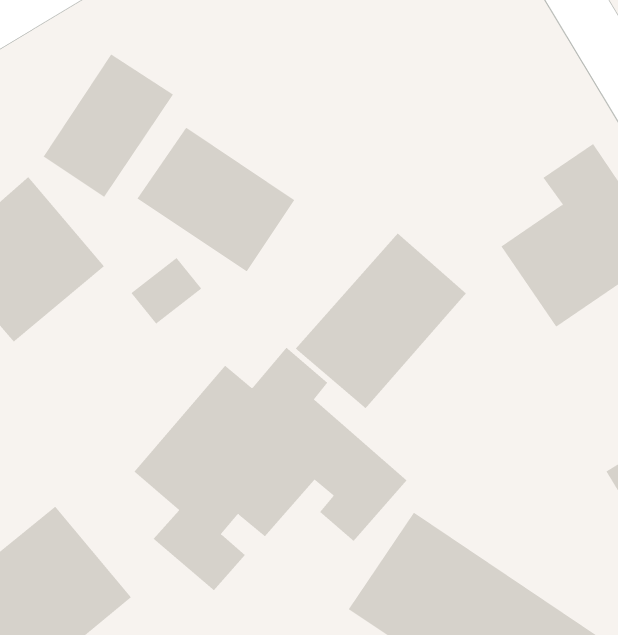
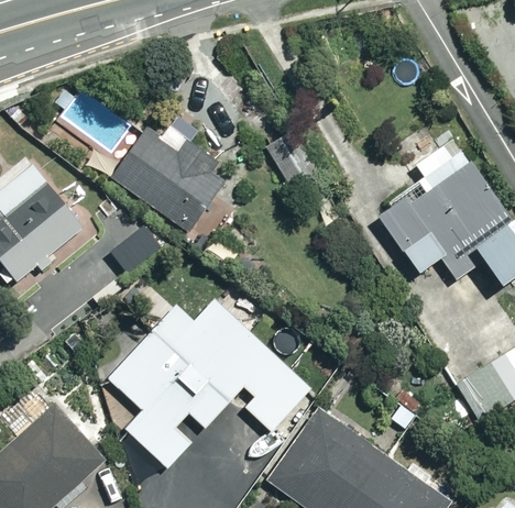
building: [43,54,174,198] -> none
building: [295,232,467,409] -> none

